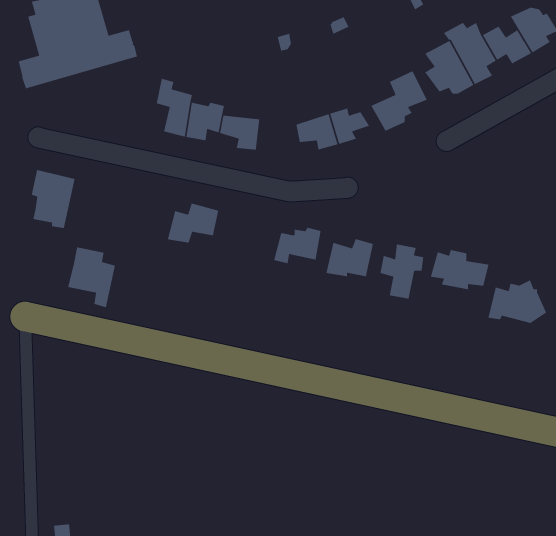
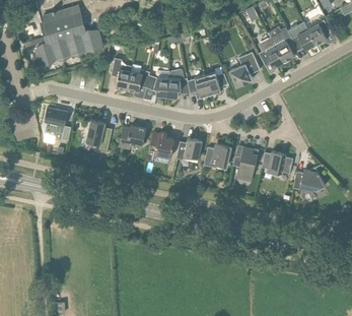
building: none -> [166,69,190,98]
building: none -> [146,131,177,157]
building: [67,247,116,308] -> [85,119,112,152]

